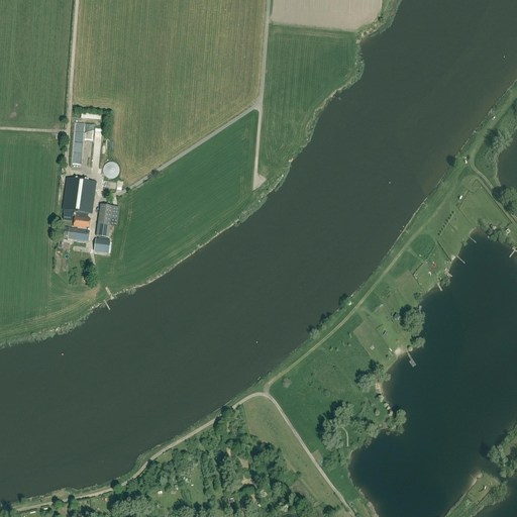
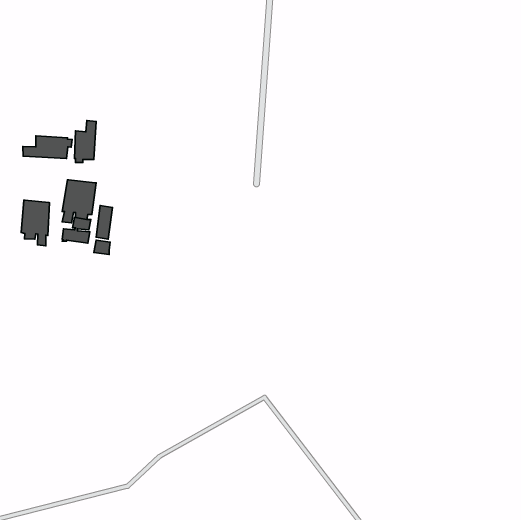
building: none -> [23,136,72,159]
building: none -> [21,200,50,246]

